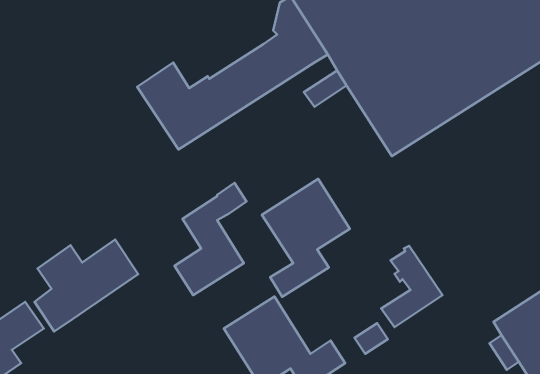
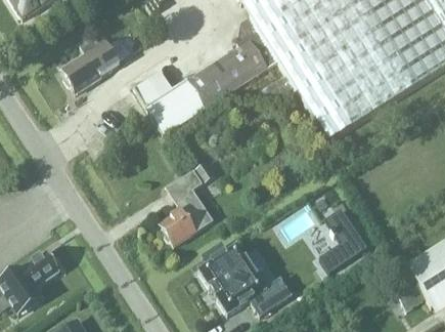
building: none -> [61,36,119,91]
building: [262,179,350,297] -> none
building: [35,240,138,331] -> none

